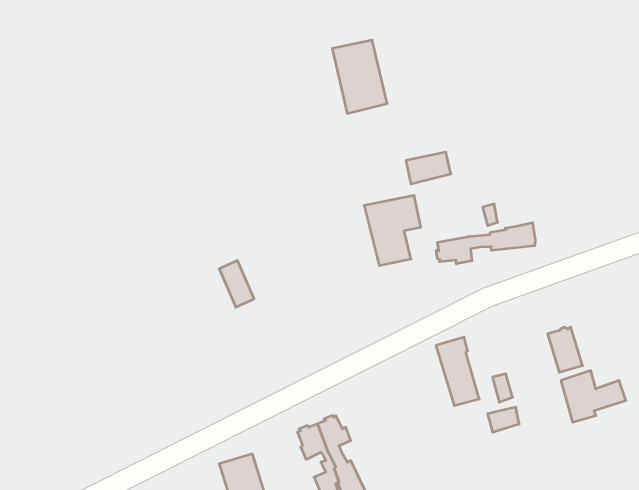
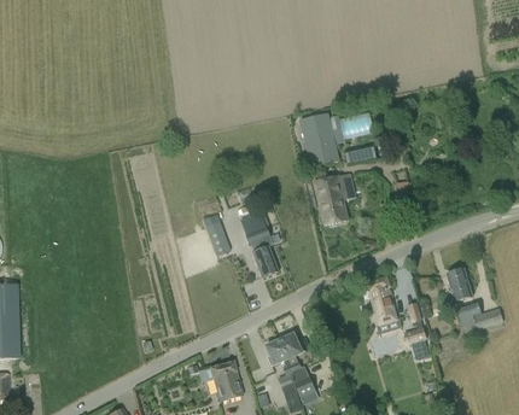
building: [332,40,387,113] -> [301,115,340,168]
building: [436,223,535,264] -> none
building: none -> [240,211,280,275]

